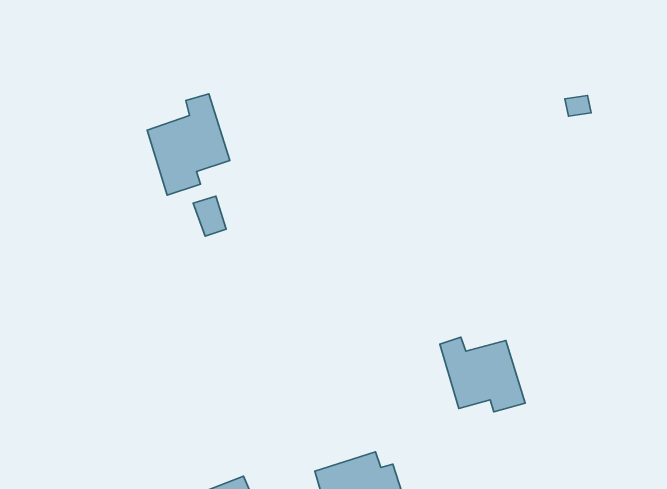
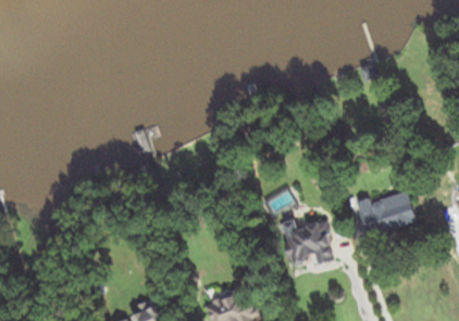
building: [147,94,230,195] -> none
building: none -> [357,189,415,234]

